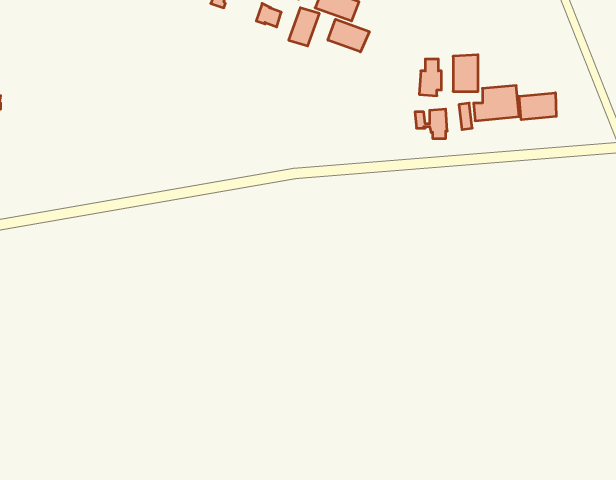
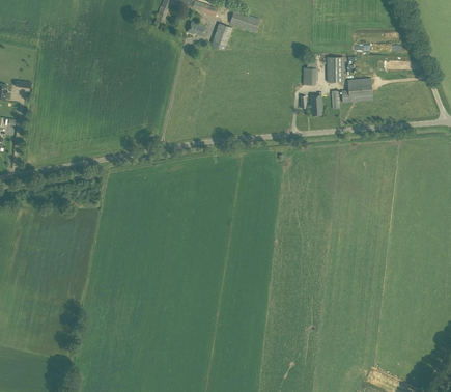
building: [328,19,369,52] -> none
building: [519,93,556,120] -> none

